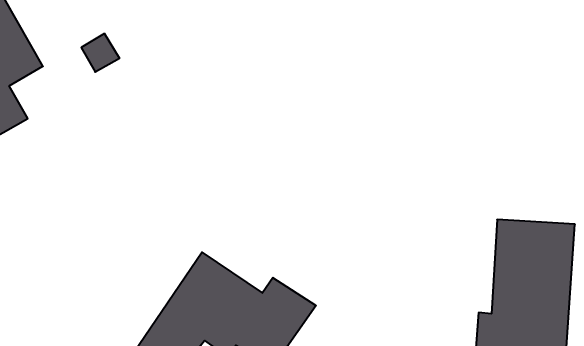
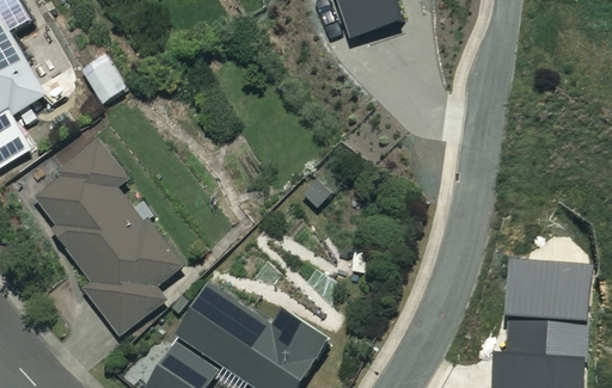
building: none -> [26,143,182,335]

